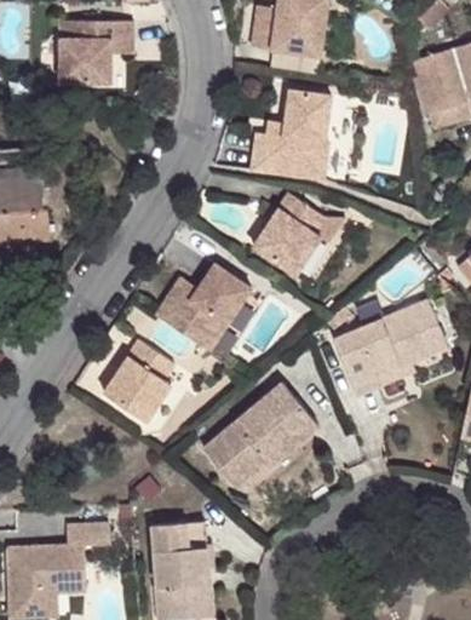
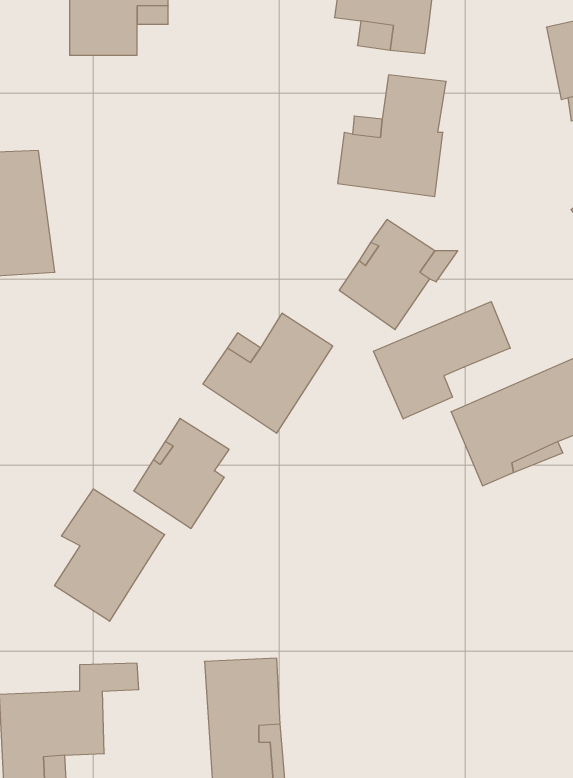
building: none -> [374,302,510,419]
building: [206,380,321,484] -> none
building: none -> [55,489,165,621]

